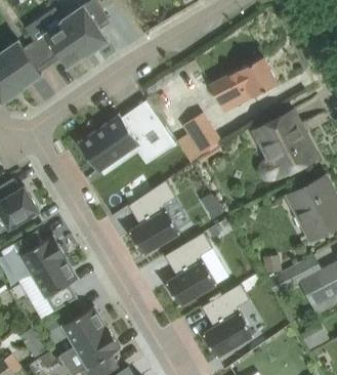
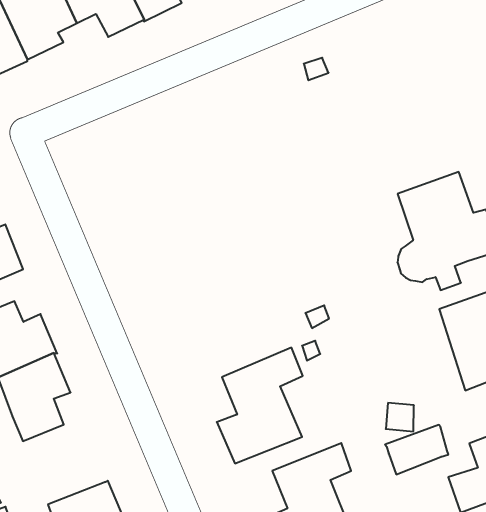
building: [208,57,278,114] -> none
building: [78,113,176,174] -> none
building: [182,114,220,154] -> none
building: [128,182,179,255] -> none
building: [62,307,107,346] -> none

